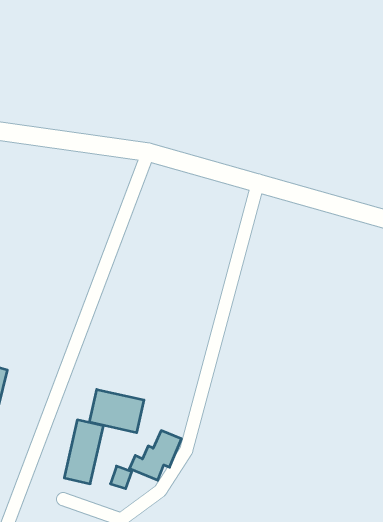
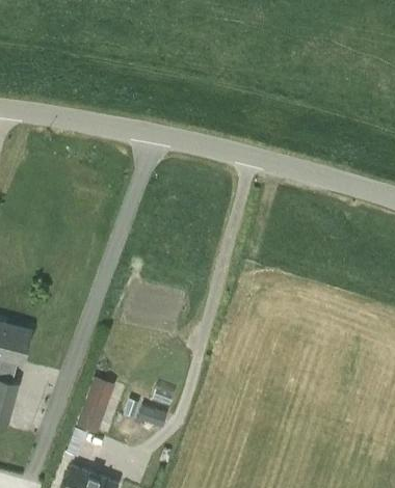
building: [89,389,144,433] -> none

